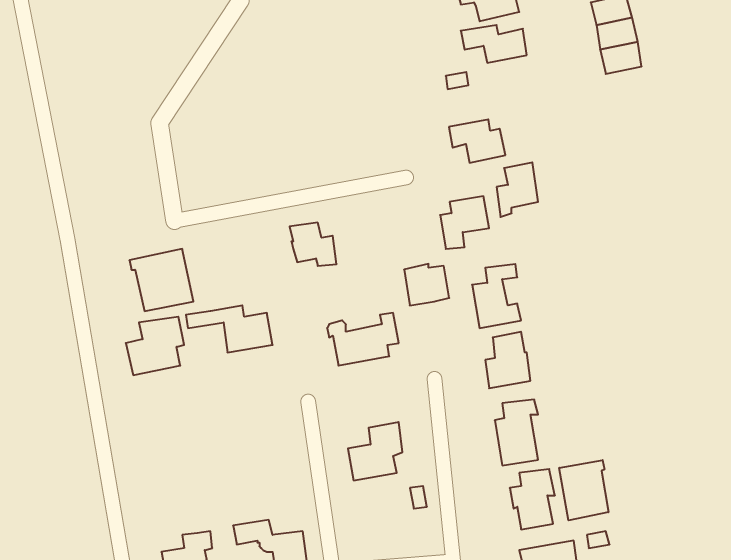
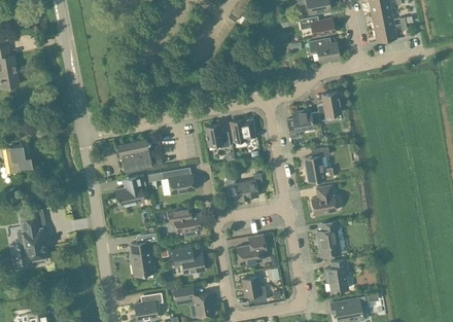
building: [449,119,505,163] -> [308,37,339,61]
building: [404,264,449,305] -> [230,118,254,141]
building: none -> [166,205,202,237]
building: none -> [130,241,154,276]
building: none -> [172,249,205,274]
building: [559,460,608,520] -> none
building: none -> [241,276,267,302]

